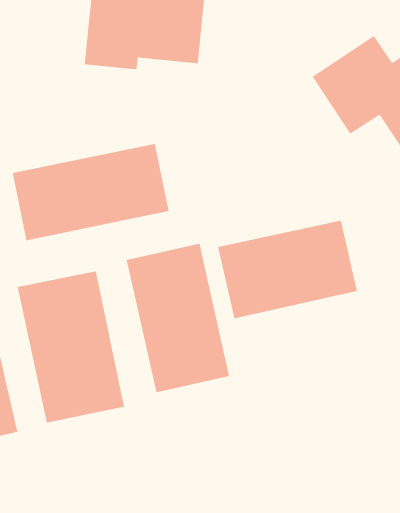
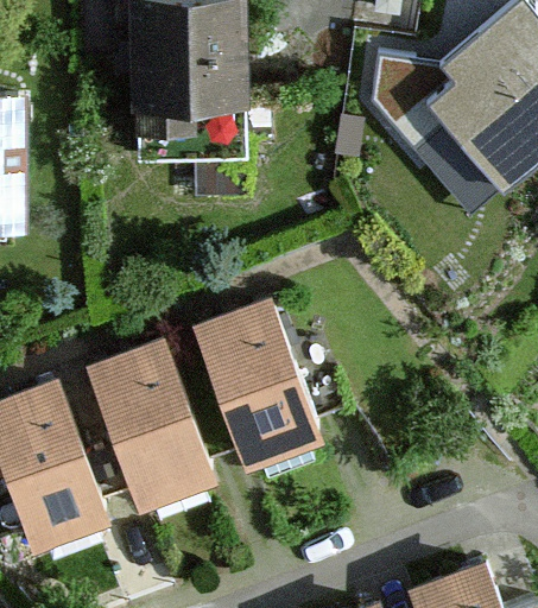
building: [12,143,169,241] -> none
building: [217,220,357,319] -> none

